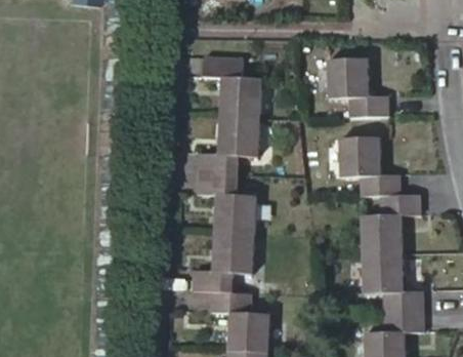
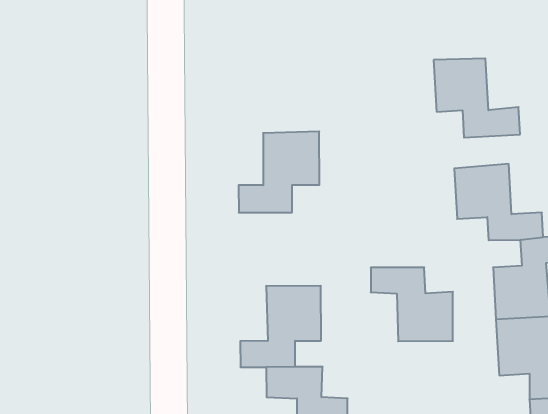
building: [200,61,257,118] -> none
building: [195,172,253,228] -> [371,267,453,341]

